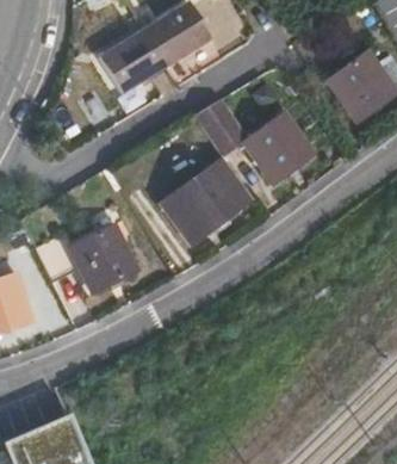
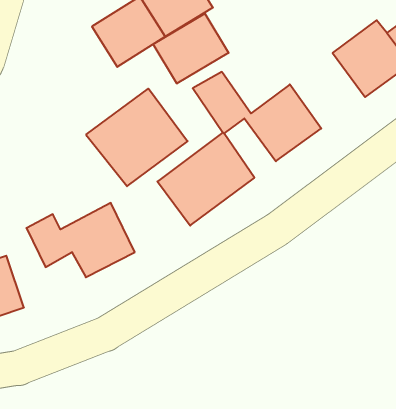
building: none -> [153,14,229,84]
building: none -> [86,89,188,186]

